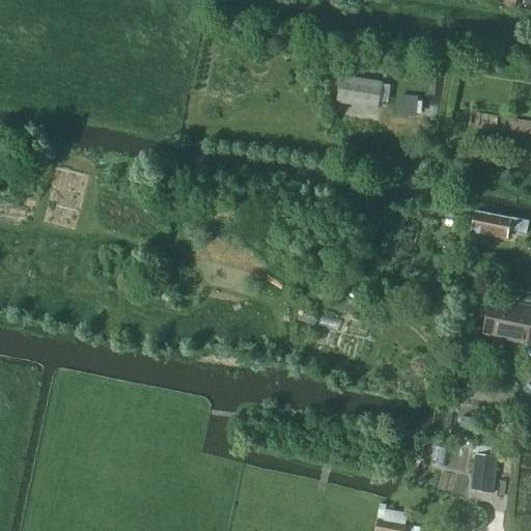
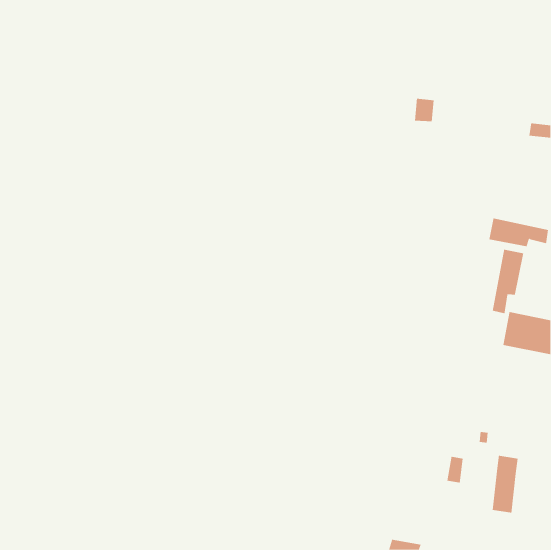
building: [337,75,382,109] -> none
building: none -> [492,249,524,314]

